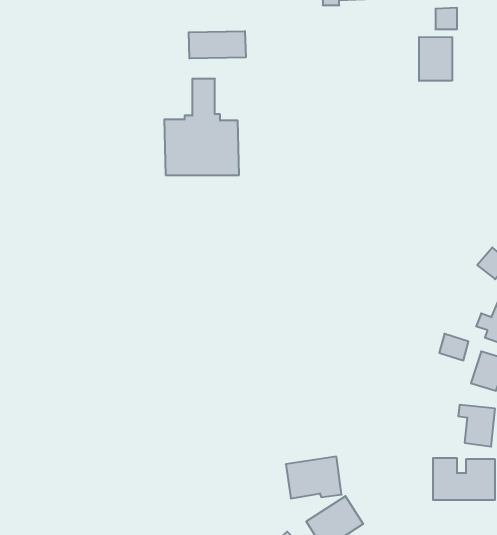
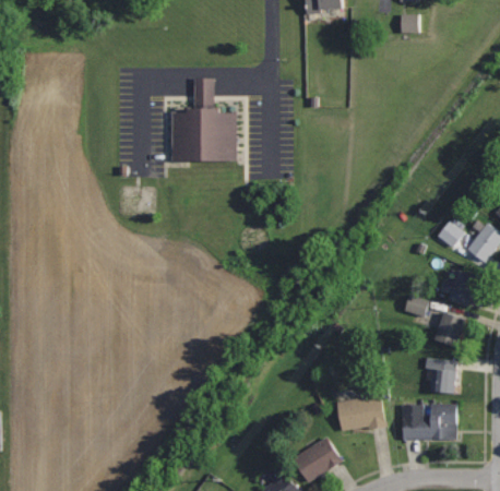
building: [189,31,246,59] -> none
building: [419,37,452,81] -> none
building: [286,457,342,498] -> [336,395,384,431]

